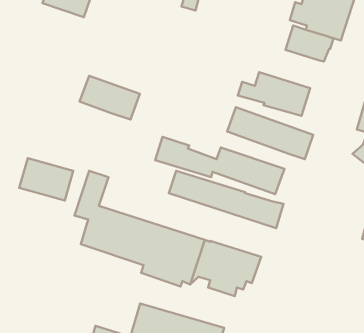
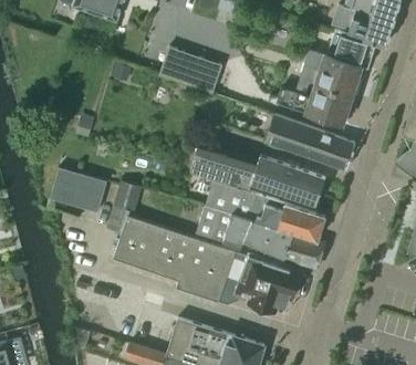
building: none -> [299,49,362,94]
building: [79,76,140,119] -> [158,45,221,91]
building: none -> [195,204,324,268]

